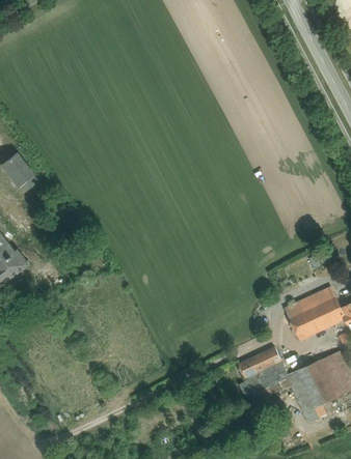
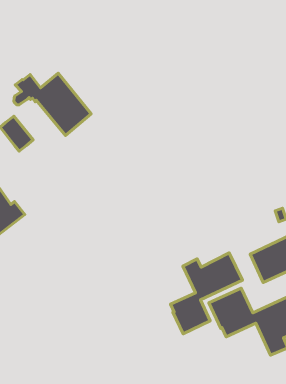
building: none -> [14,73,91,135]
building: none -> [171,253,242,334]

